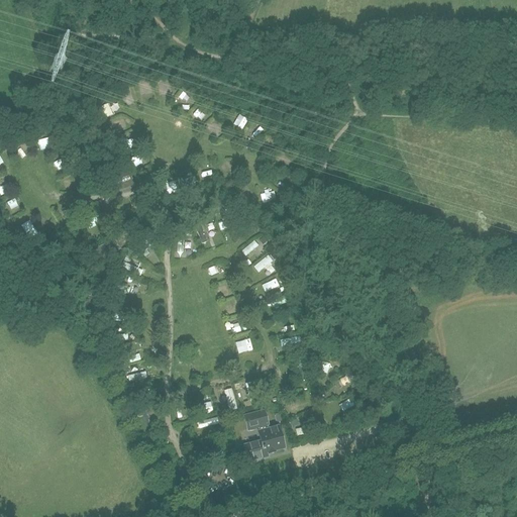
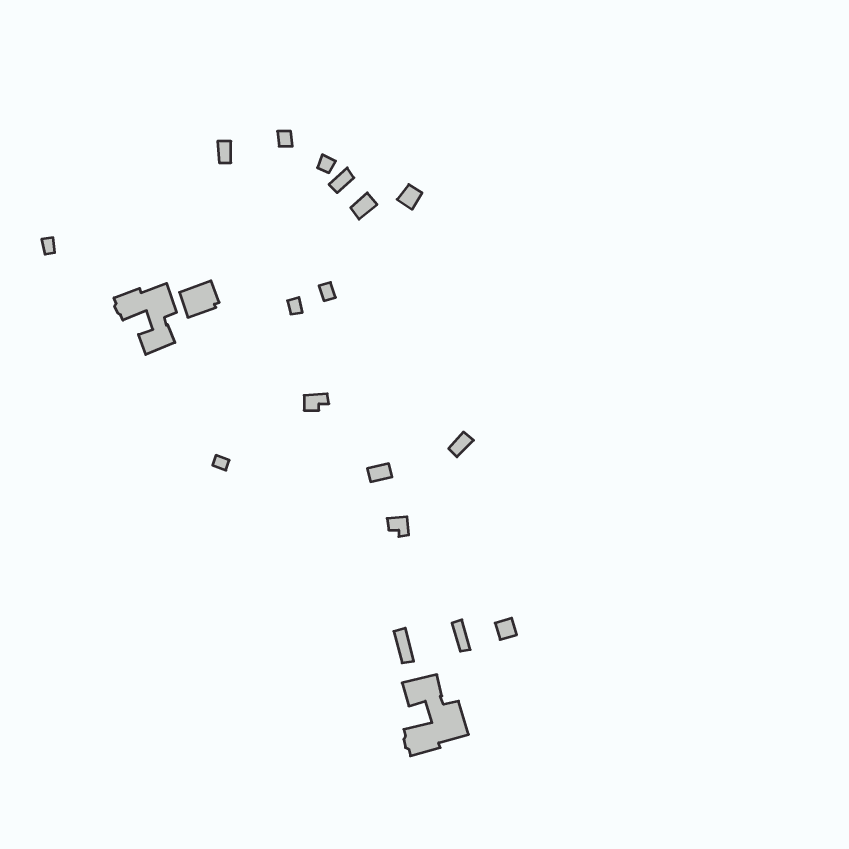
building: none -> [114,283,177,355]

